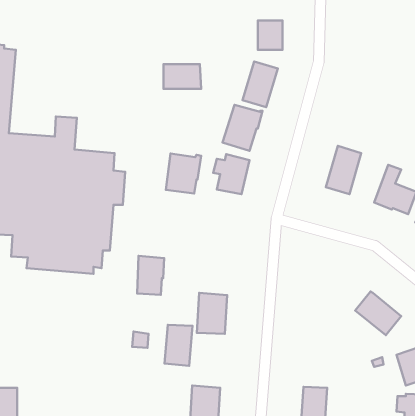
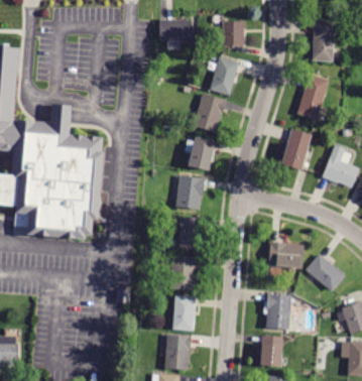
building: none -> [313,20,339,61]
building: [164,64,201,89] -> [160,20,193,41]
building: none -> [297,75,329,120]
building: [166,154,201,193] -> [175,175,206,210]
building: [137,256,164,295] -> [178,217,202,250]
building: none -> [269,242,305,269]
building: [164,325,193,366] -> [172,296,197,332]
building: none -> [265,293,291,330]

